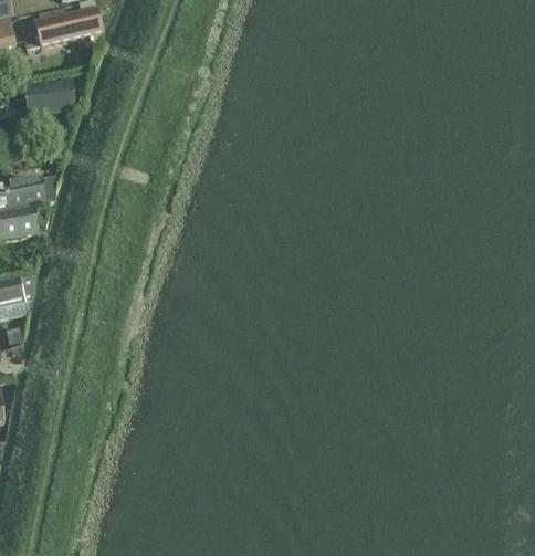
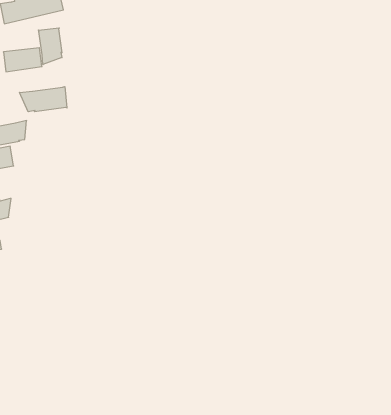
building: none -> [38,28,62,65]
building: none -> [20,87,67,112]

